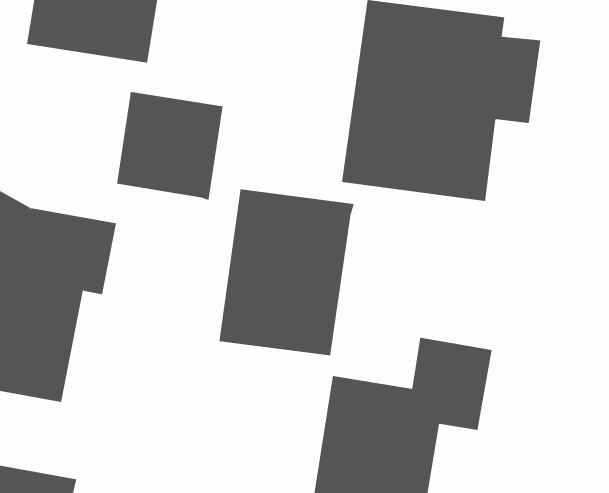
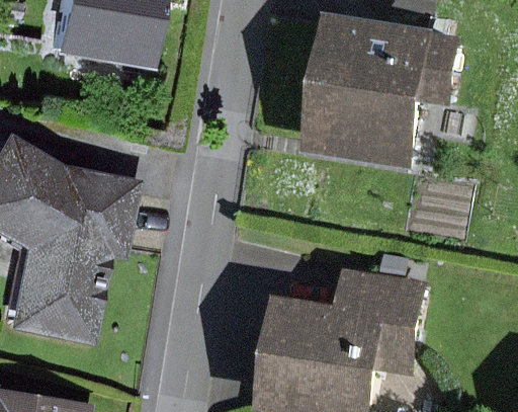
building: [117,91,223,201] -> none
building: [219,188,354,356] -> none

